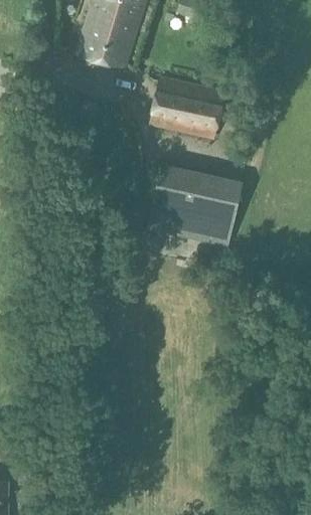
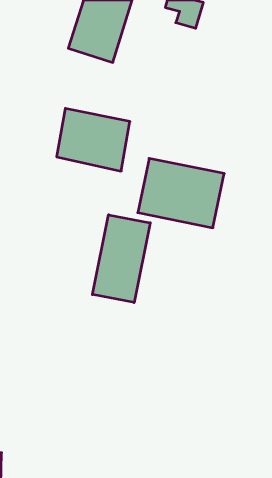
building: [149,73,226,140] -> [57,108,130,171]
building: none -> [92,215,150,303]

